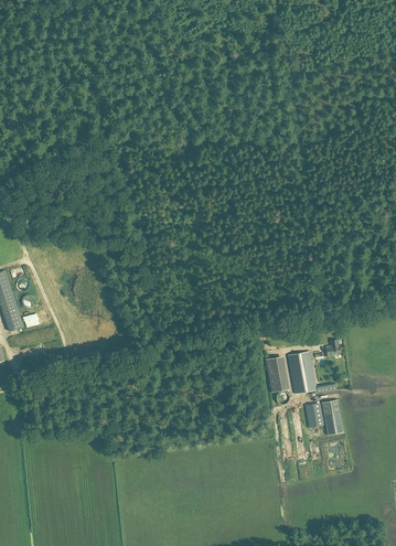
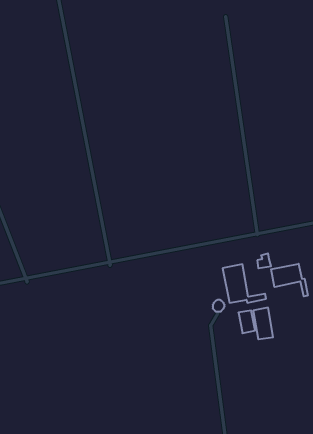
building: none -> [271,264,308,296]
building: [267,354,287,388] -> none

